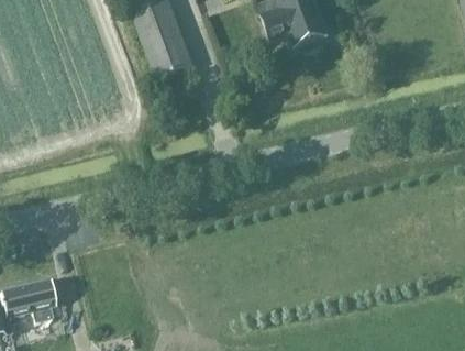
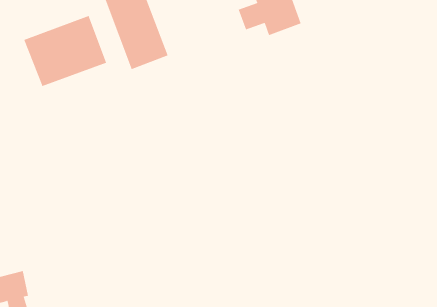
building: none -> [24,15,107,87]

